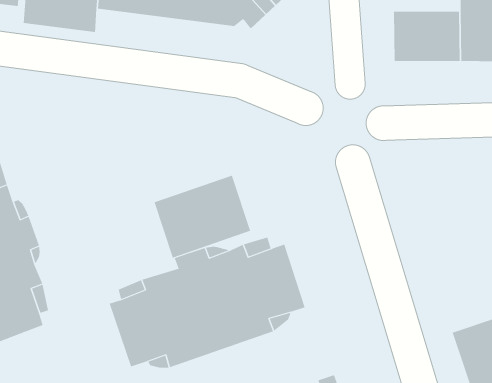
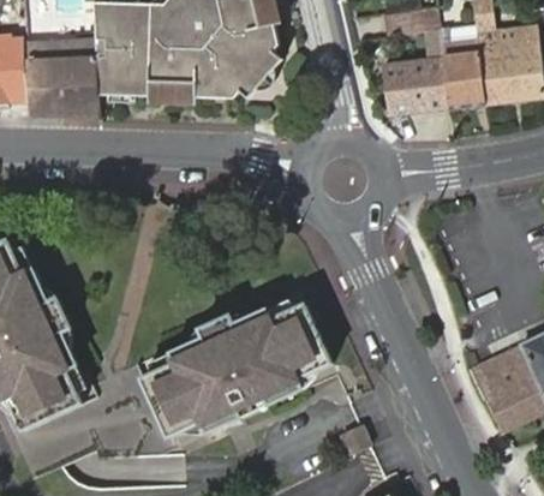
building: [154,175,251,258] -> none

